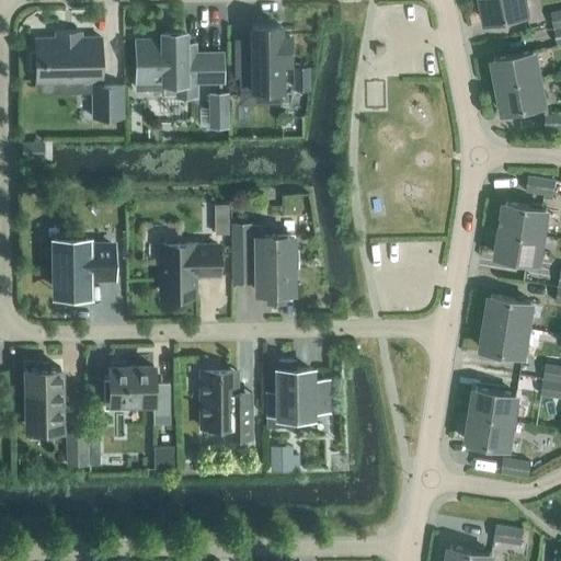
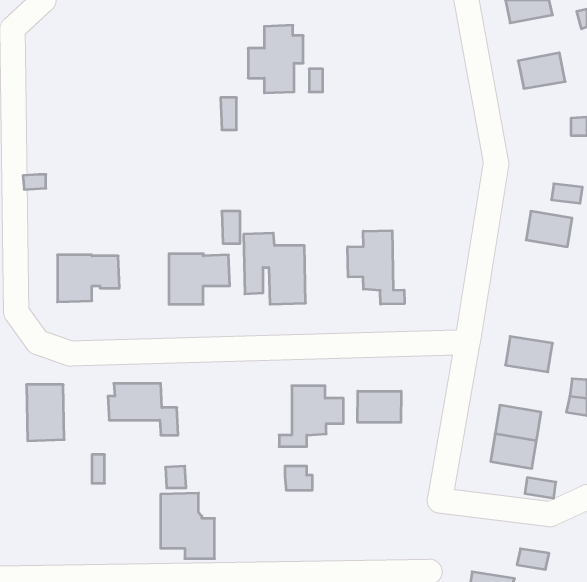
building: [136,35,222,99] -> none
building: [30,41,123,121] -> none
building: [500,82,545,116] -> none
building: none -> [348,231,404,304]
building: [497,233,541,266] -> none
building: [486,298,531,332] -> none
building: none -> [358,391,401,422]
building: [201,378,252,440] -> [161,493,215,559]
building: [66,434,88,466] -> none

